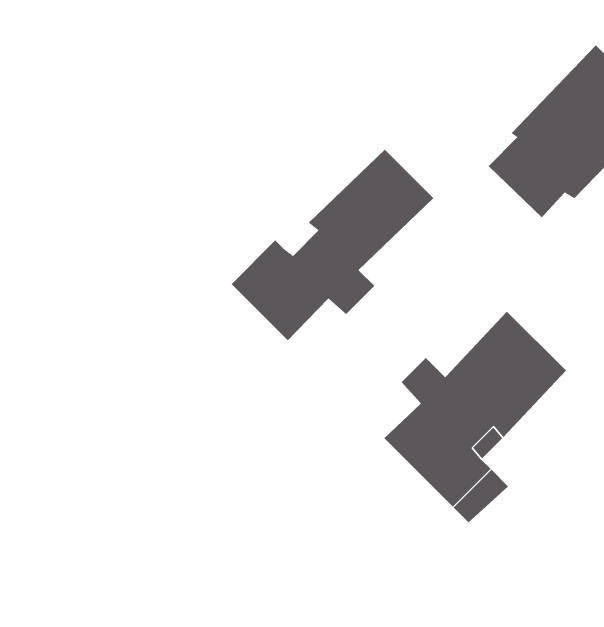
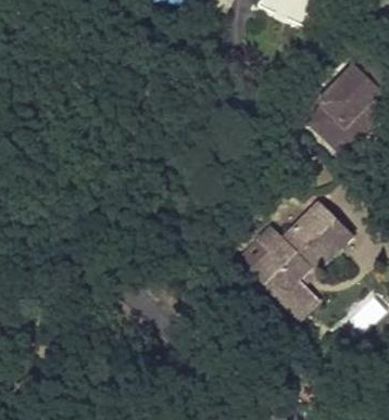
building: [231,149,434,341] -> none

